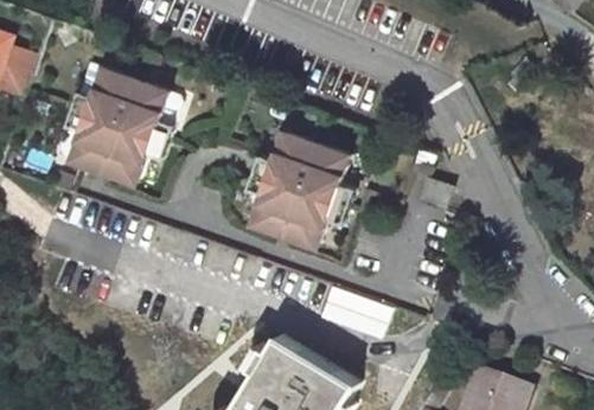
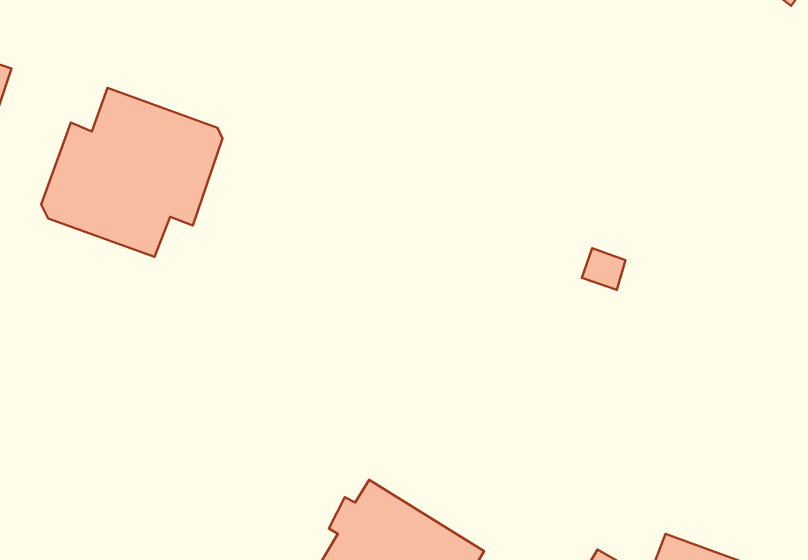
building: [244,132,349,246] -> none

